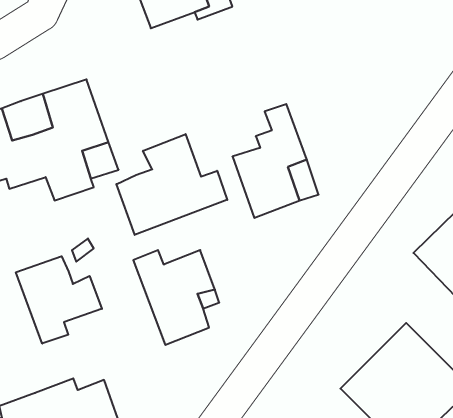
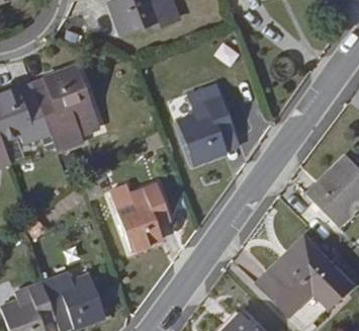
building: [116,134,227,235] -> none
building: [16,256,102,344] -> none

